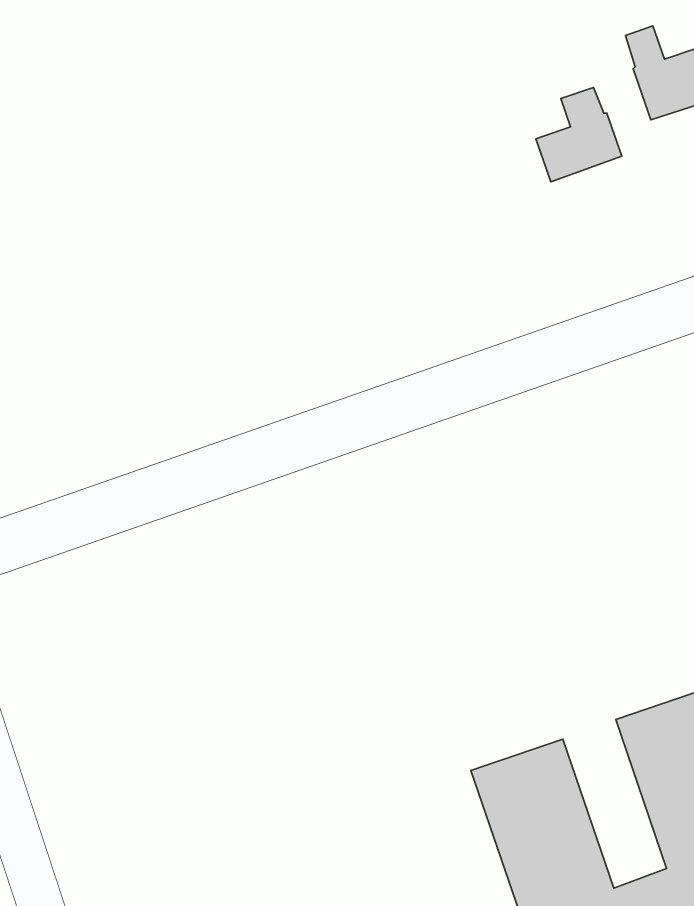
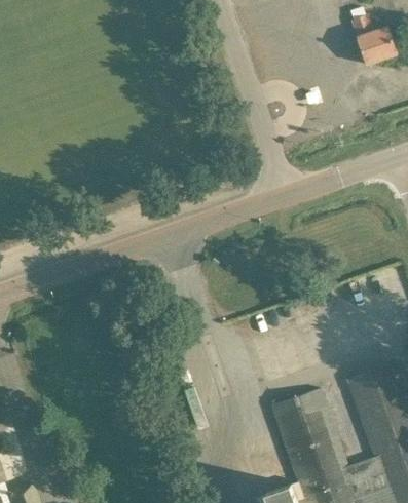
building: [536,87,622,182] -> none

